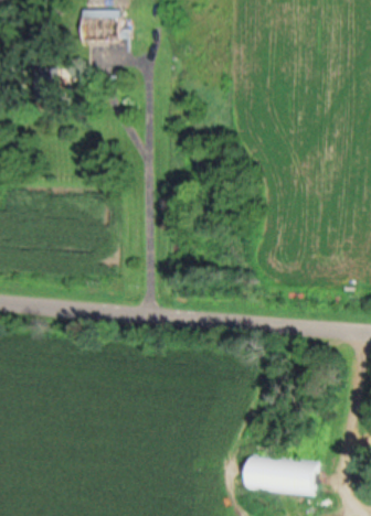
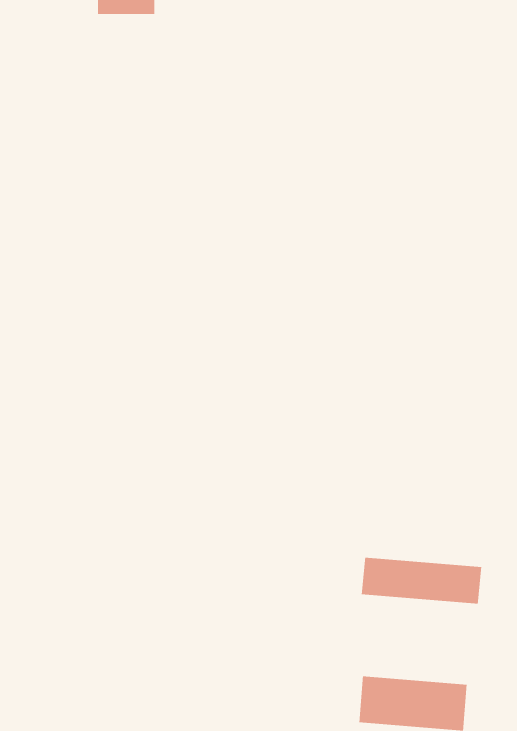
building: none -> [361,557,482,605]

